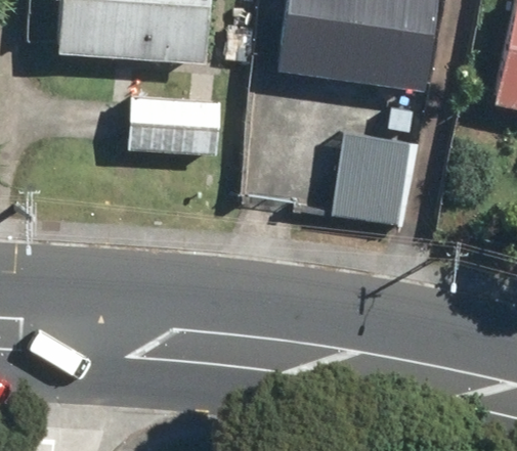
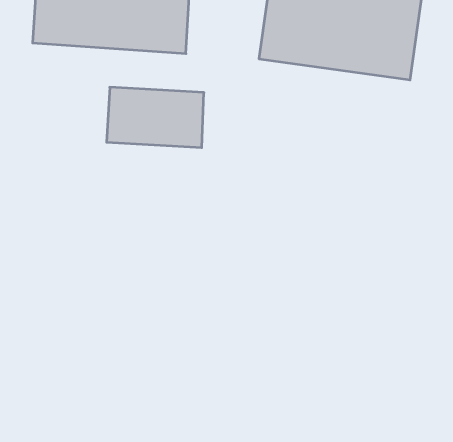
building: [334,131,421,225] -> none

